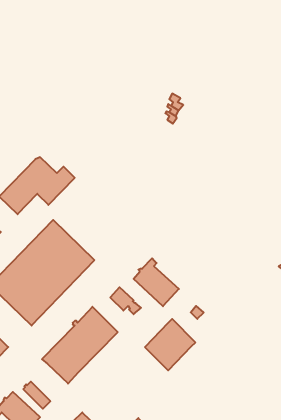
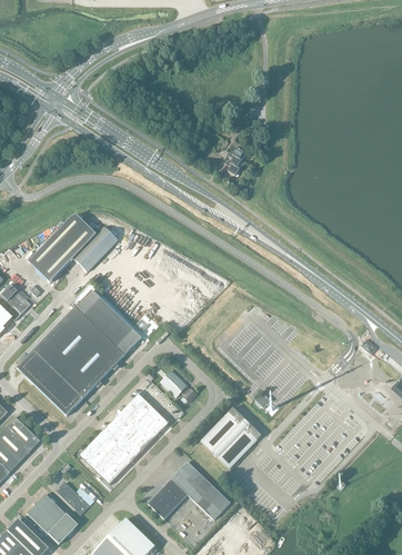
building: [134,258,179,306] -> none
building: none -> [148,462,230,519]

